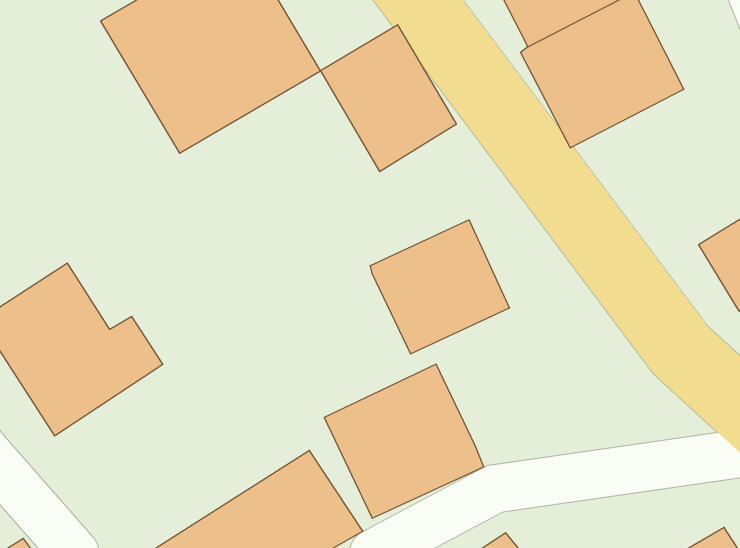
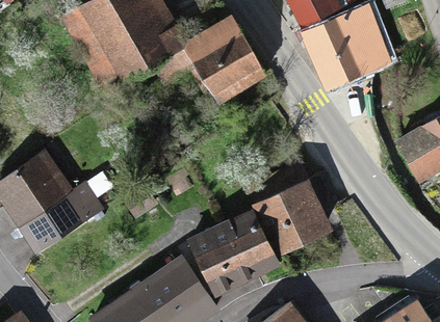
building: [370,220,510,354] -> [251,182,330,258]

